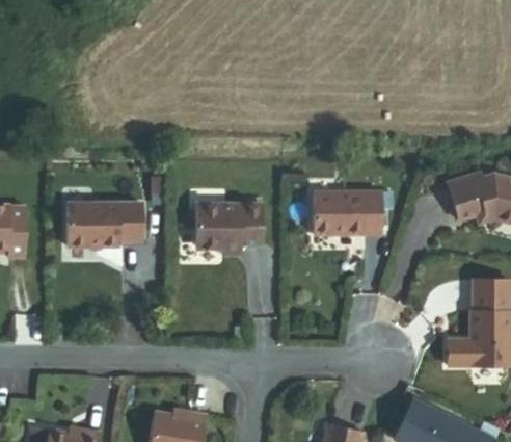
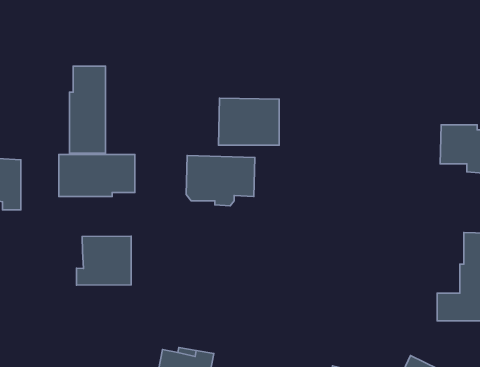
building: none -> [70,66,105,153]
building: [321,188,382,236] -> [219,98,279,145]
building: none -> [76,236,131,285]

